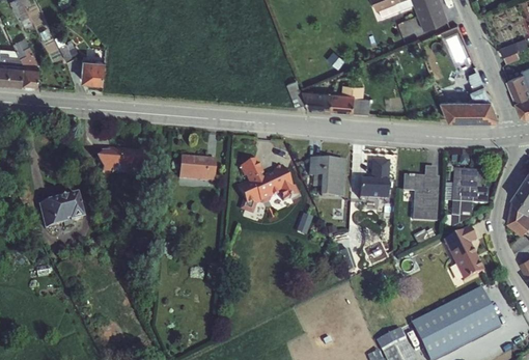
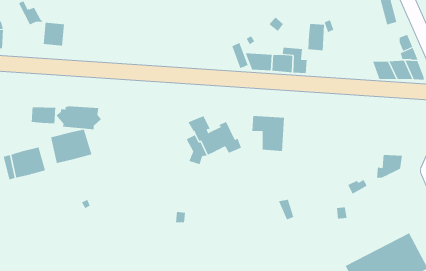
building: none -> [308,23,324,51]
building: none -> [31,106,56,124]
building: [178,155,216,181] -> none
building: [359,159,389,199] -> none
building: [402,165,438,220] -> none
building: [451,168,488,202] -> none
building: none -> [51,129,92,164]
building: [442,225,483,280] -> none

